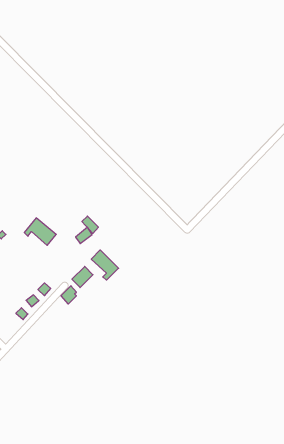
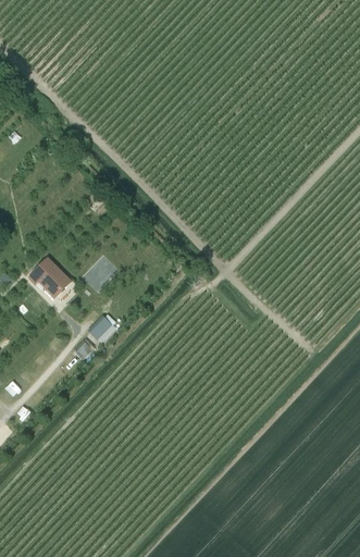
building: [91,250,119,280] -> none

